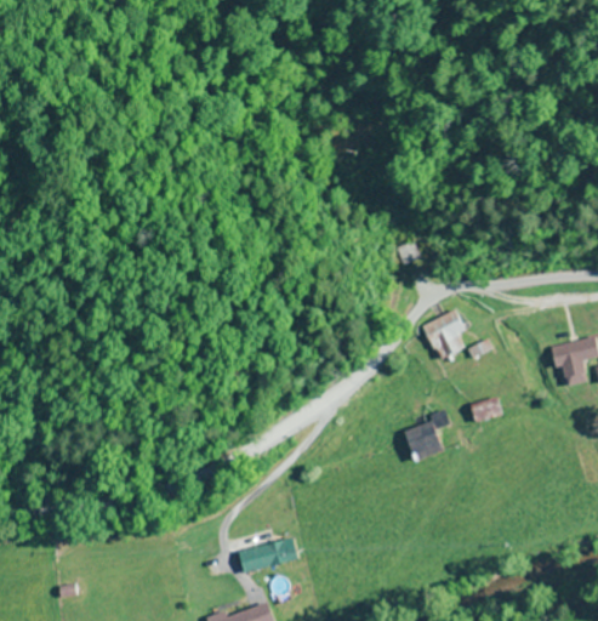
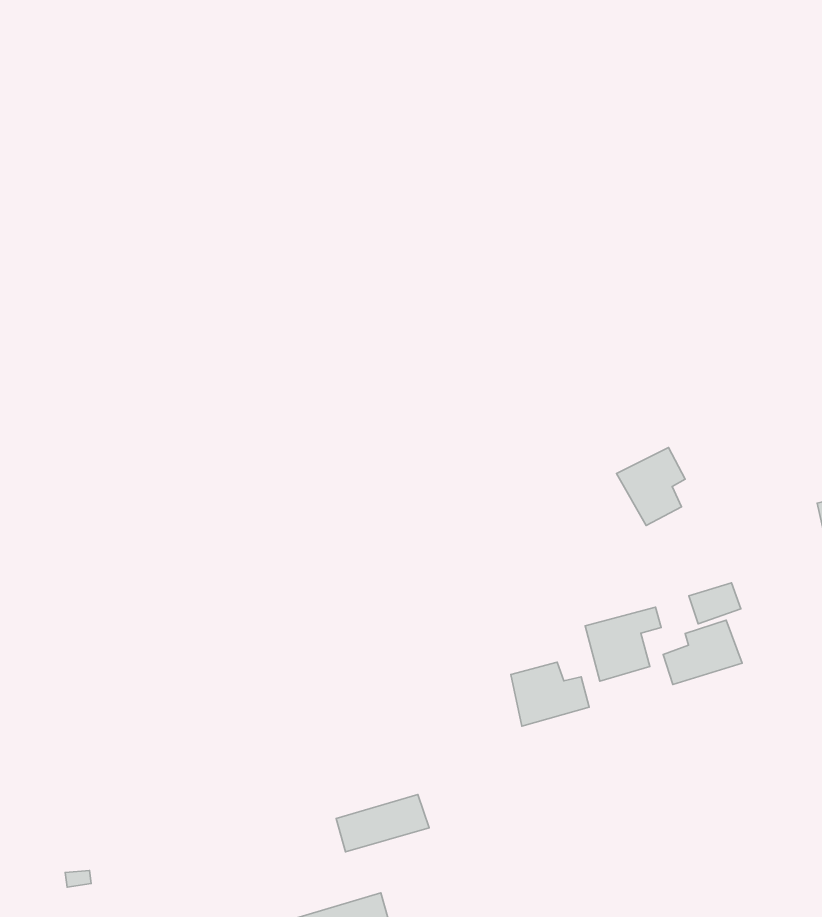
building: none -> [663,620,742,684]
building: none -> [511,662,589,726]

